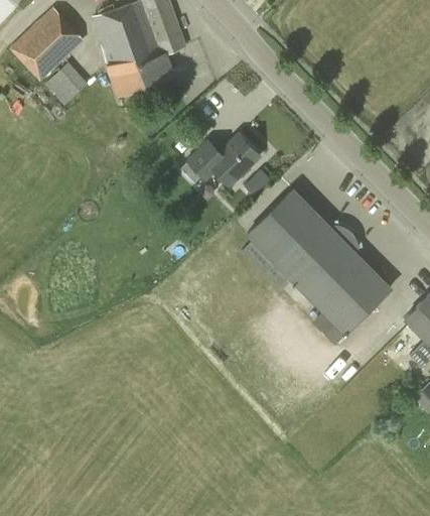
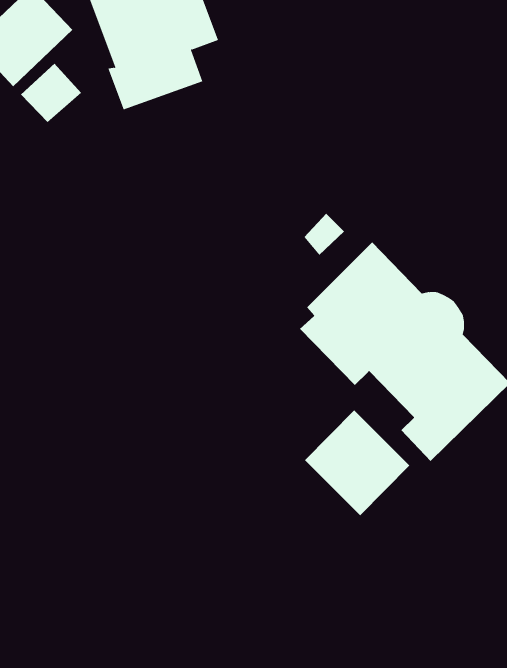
building: [187,133,260,184] -> none
building: none -> [304,410,410,516]

